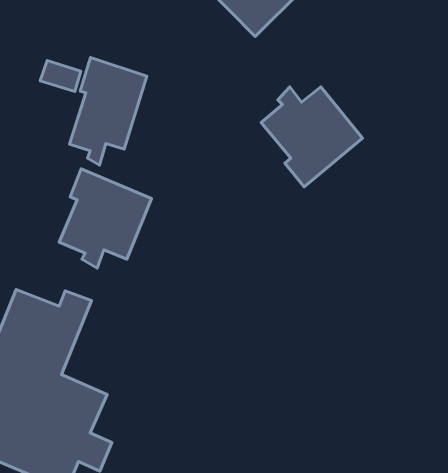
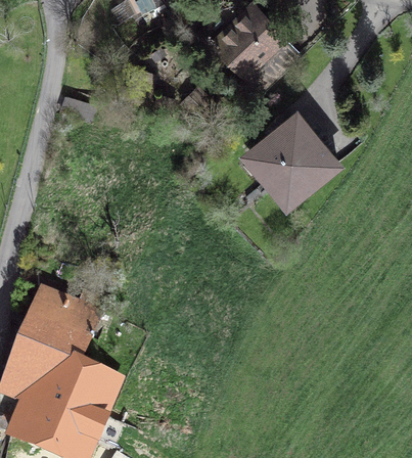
building: [70,57,147,165] -> none
building: [59,169,152,268] -> none

